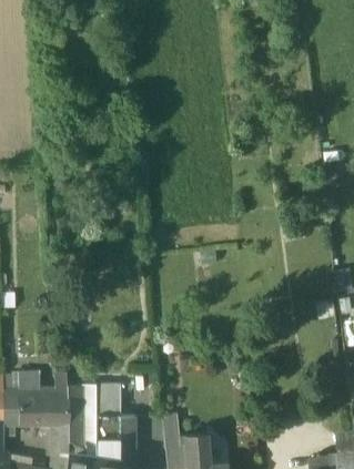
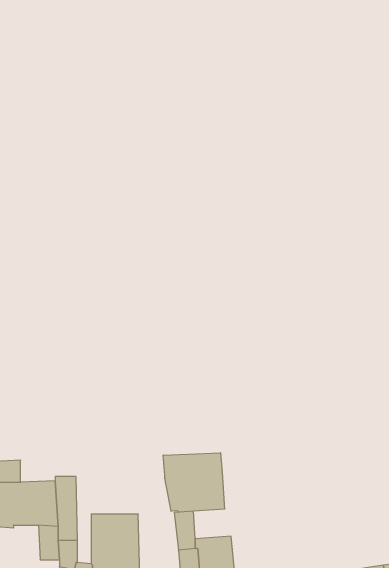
building: none -> [163,453,225,512]
building: [95,384,120,415] -> none

